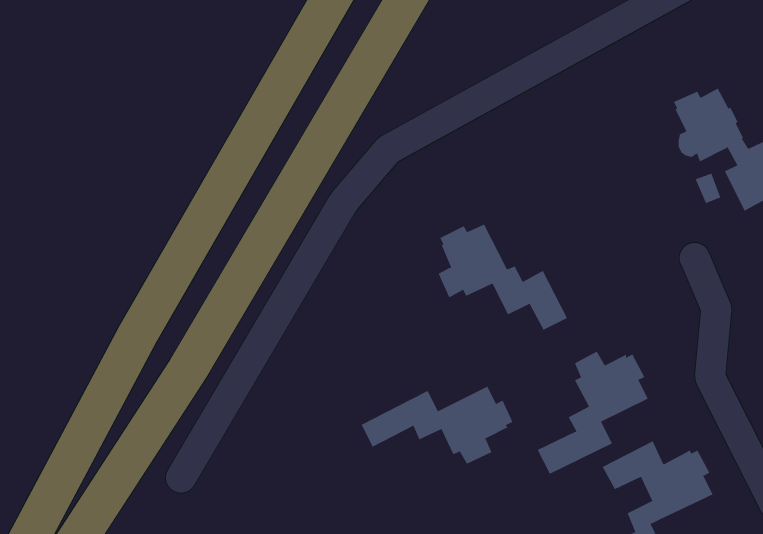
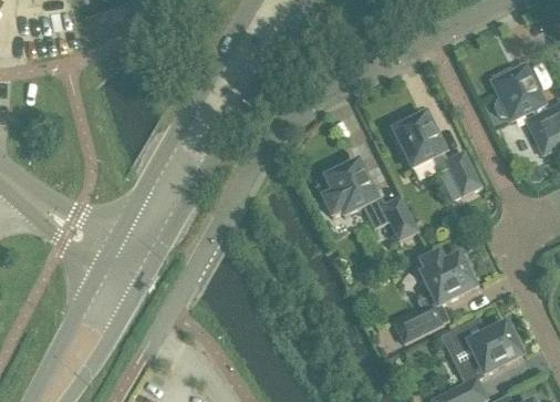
building: none -> [394,114,480,193]
building: [361,386,513,464] -> none

